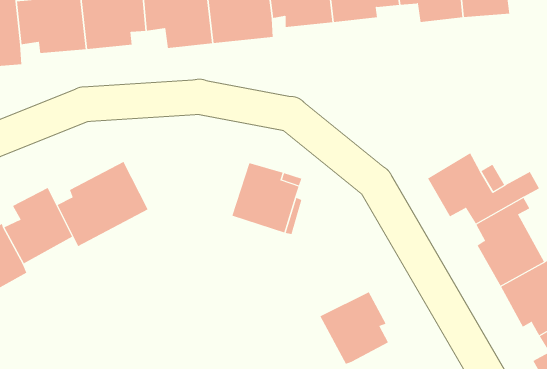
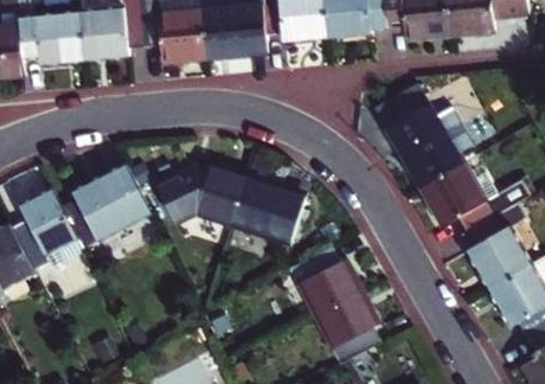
building: none -> [372,79,467,185]
building: none -> [156,159,248,220]
building: none -> [289,247,363,316]

